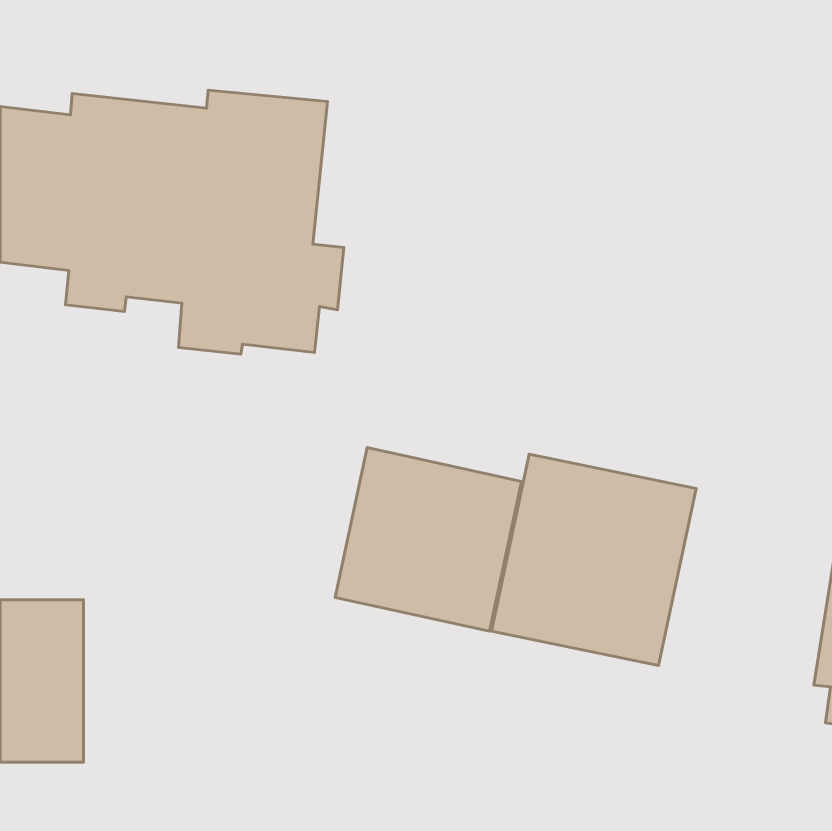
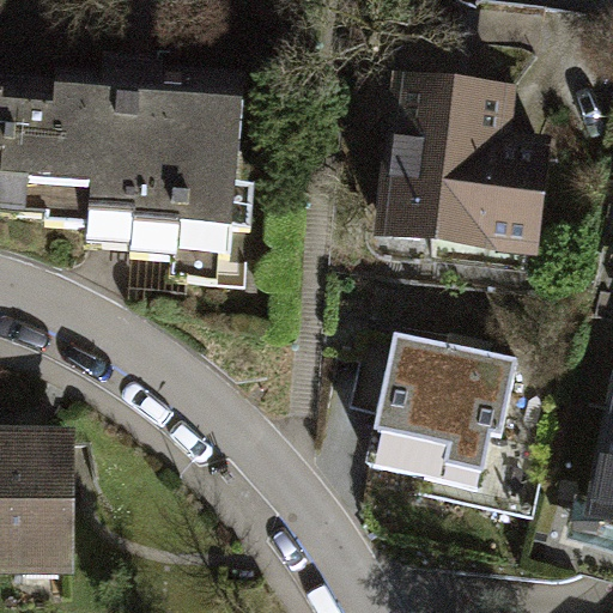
building: none -> [386,78,548,267]
building: [335,448,521,631] -> none

